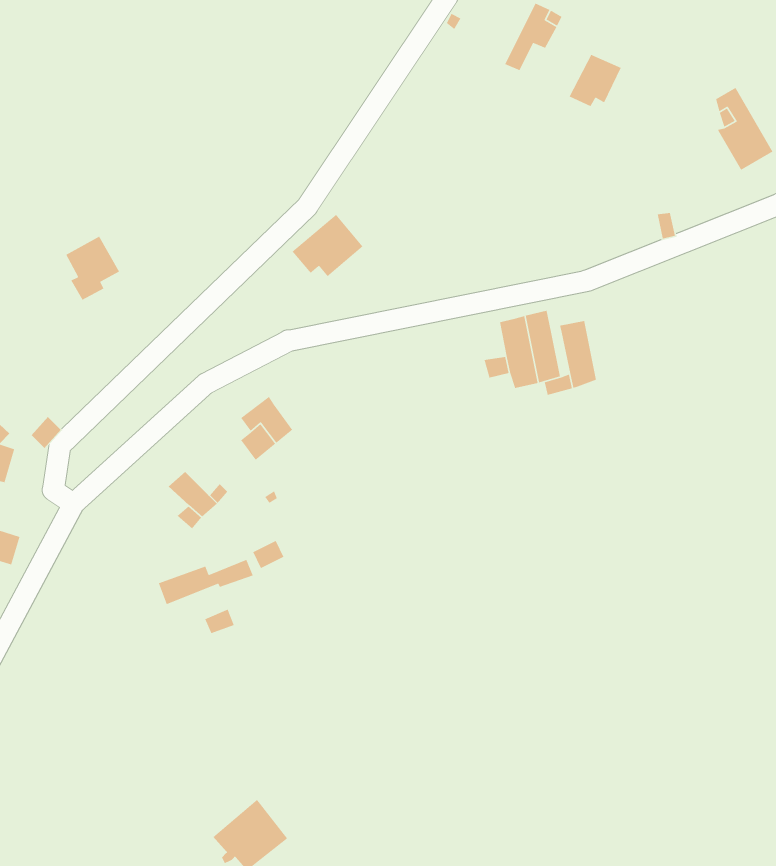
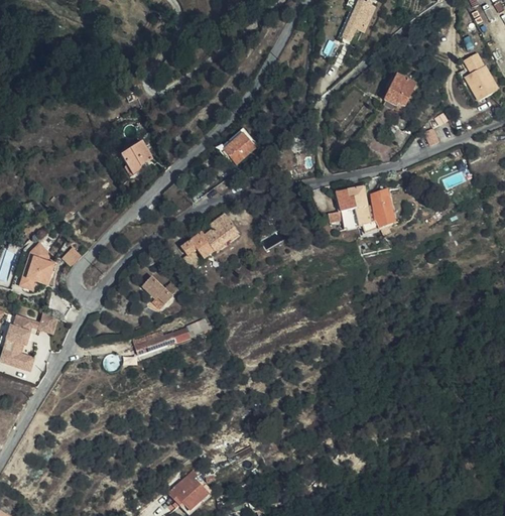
building: [569,54,622,107] -> [385,76,416,107]
building: [65,236,120,301] -> [118,134,150,172]
building: none -> [205,216,239,253]

